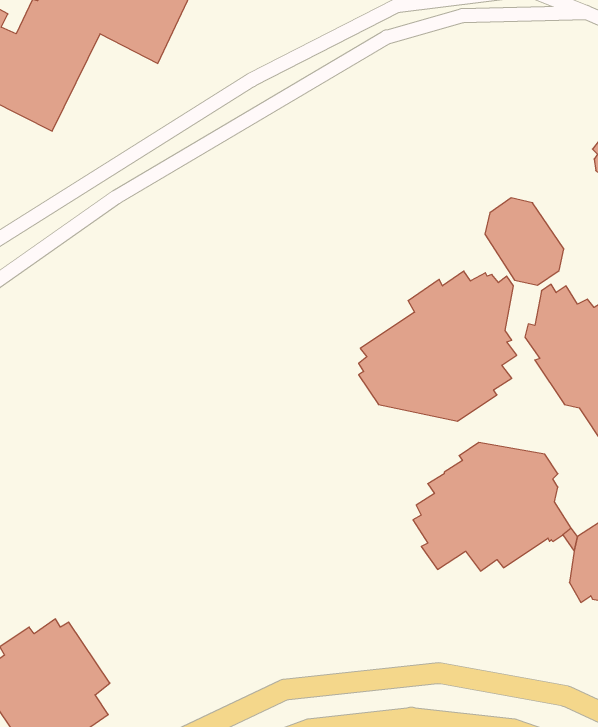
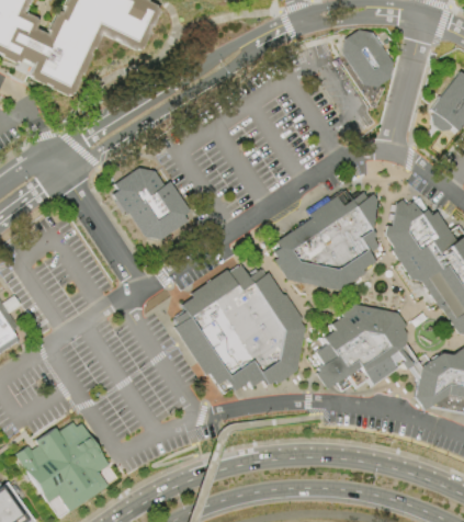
building: [485,198,564,285] -> [341,29,394,87]
building: none -> [112,167,190,239]
building: none -> [173,264,306,390]

